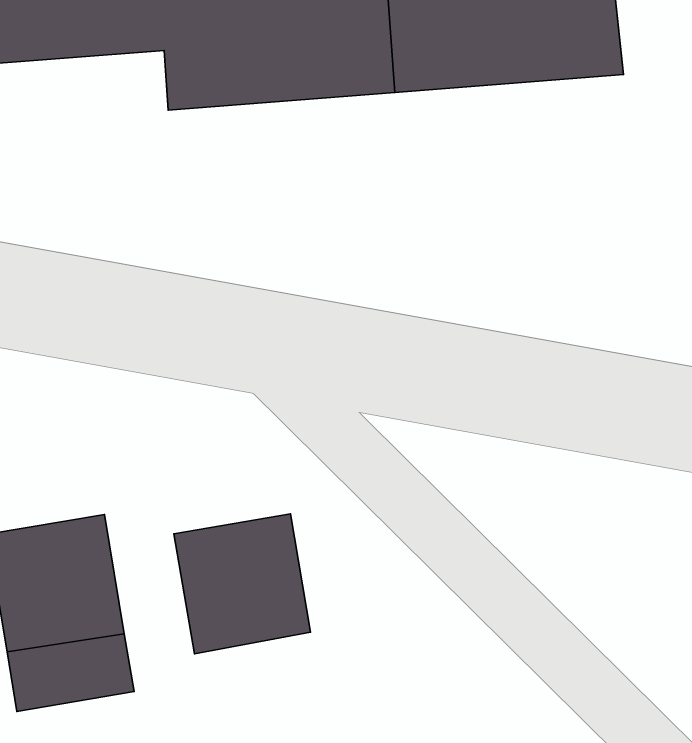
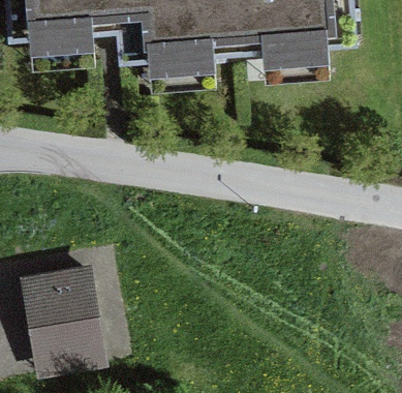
building: [174,514,310,654] -> none

